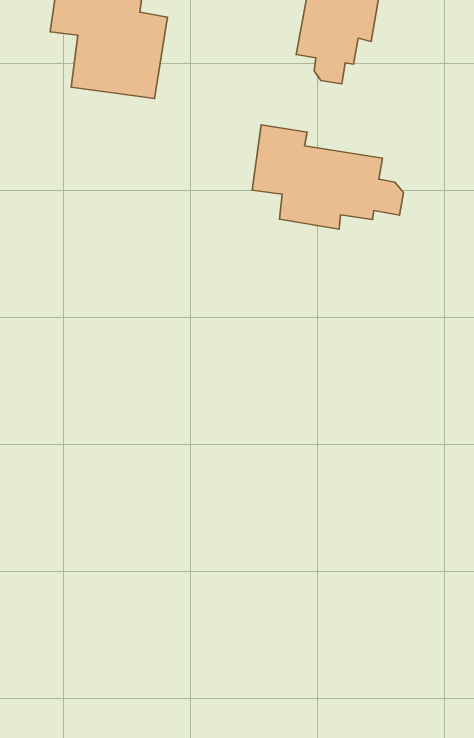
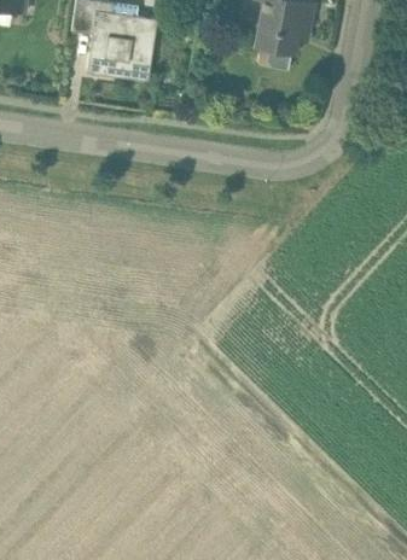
building: [252,125,404,229] -> none

